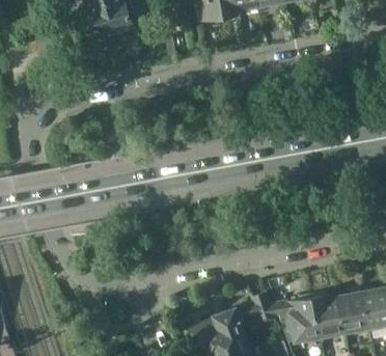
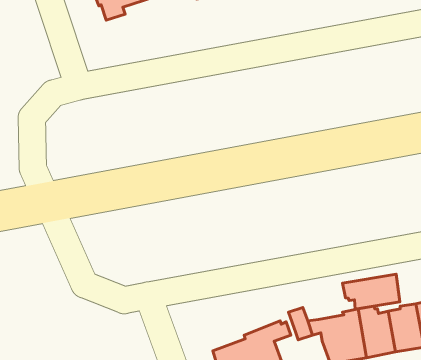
building: none -> [343,274,400,309]

